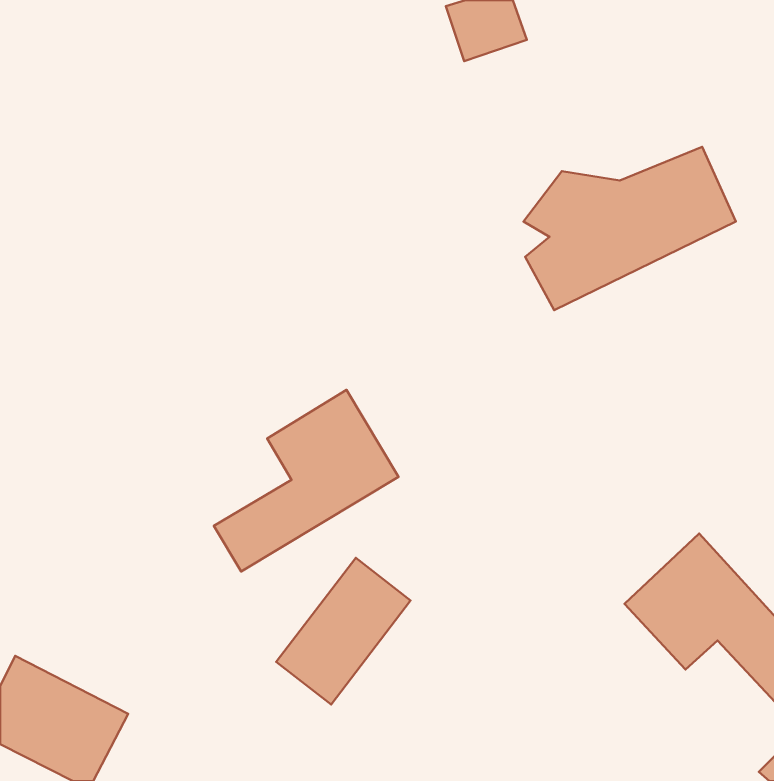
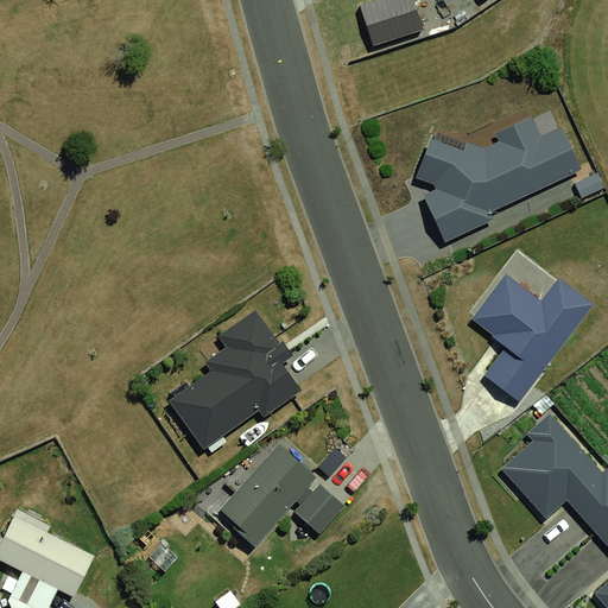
building: none -> [468,270,594,398]
building: none -> [302,487,353,537]

